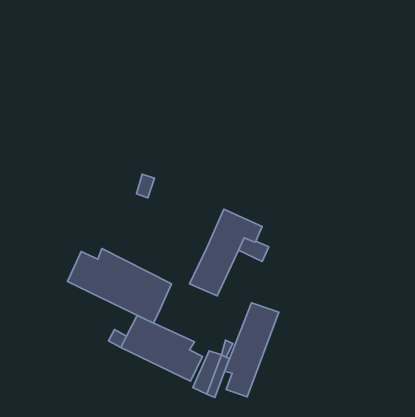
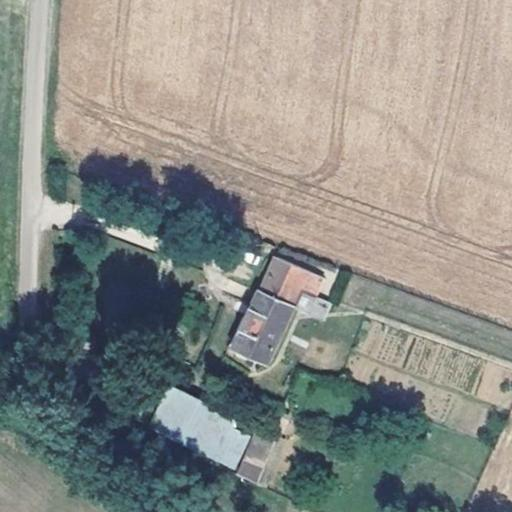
building: [67,249,171,323] -> none
building: [225,303,279,397] -> none

